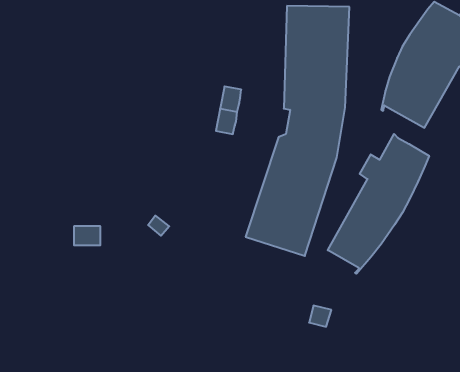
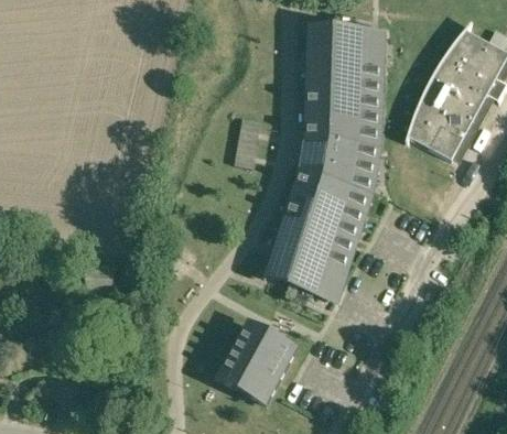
building: [328,134,429,274] -> none
building: none -> [219,324,299,404]

